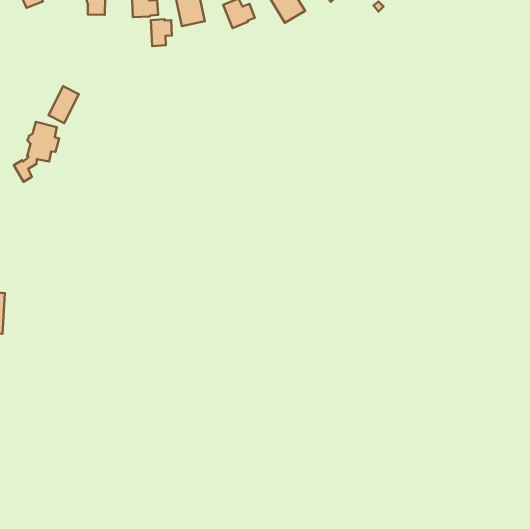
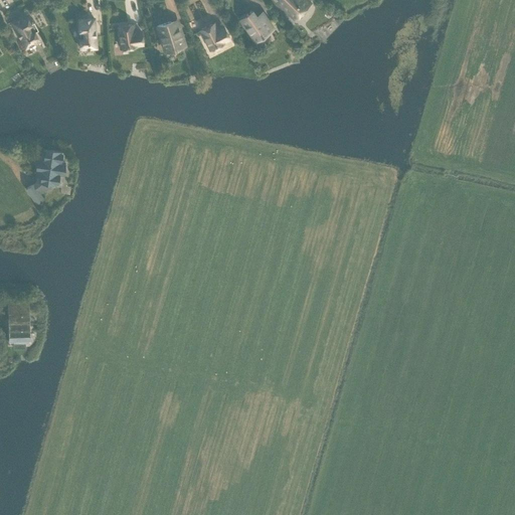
building: [151,19,172,46] -> none
building: [48,86,79,123] -> none

